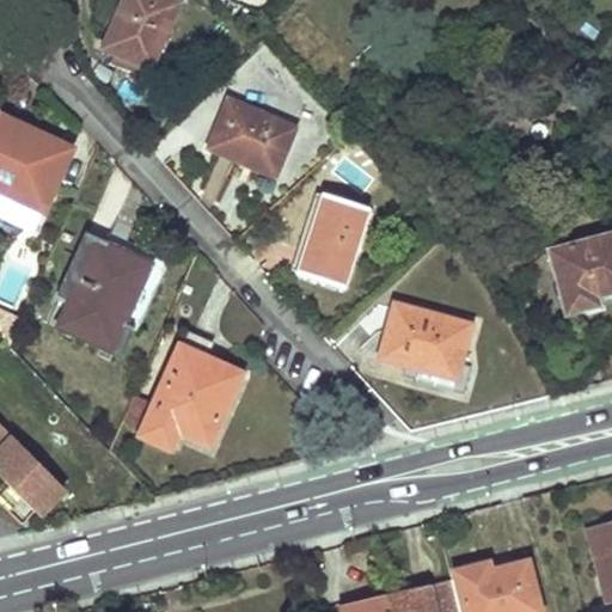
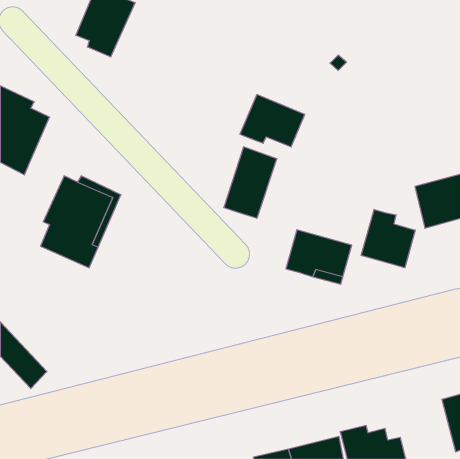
building: [208,99,294,169] -> [240,95,305,147]
building: none -> [361,209,415,268]
building: [141,332,239,446] -> none

